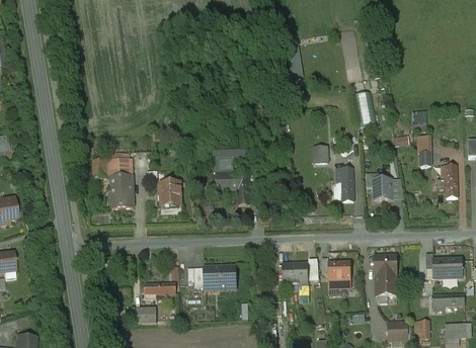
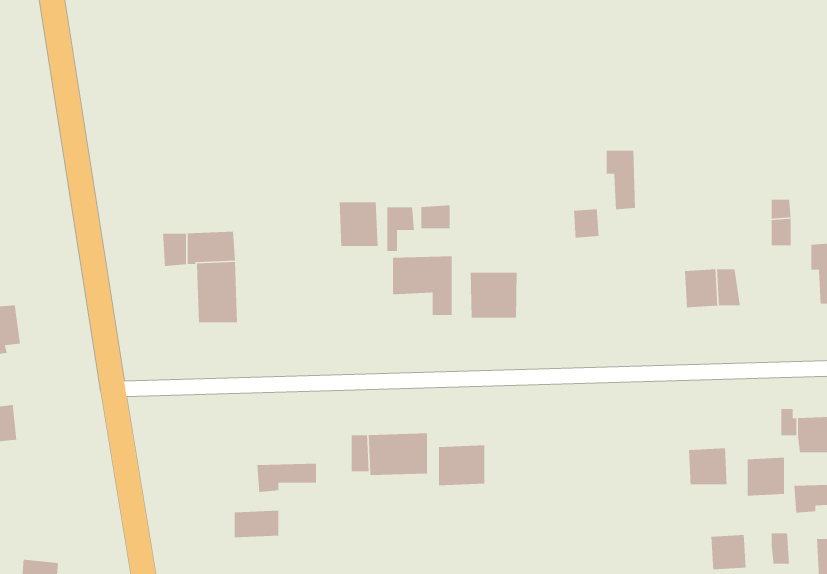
building: [337,167,353,199] -> [606,150,636,210]
building: none -> [470,272,517,318]
building: [159,180,180,204] -> [339,201,378,247]
building: [375,253,395,274] -> [747,457,785,496]
building: [327,261,350,287] -> none
building: [282,262,307,284] -> [438,445,485,486]

